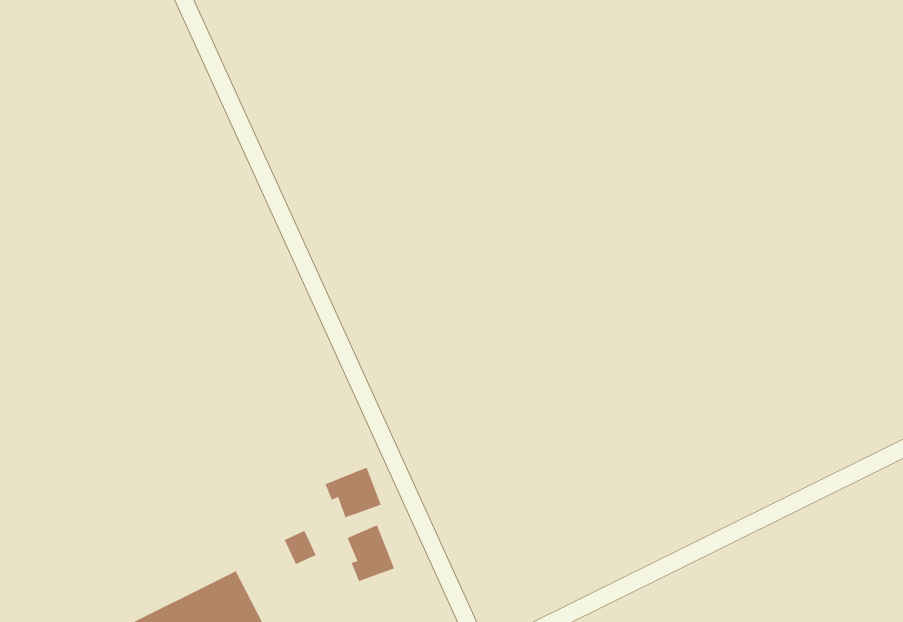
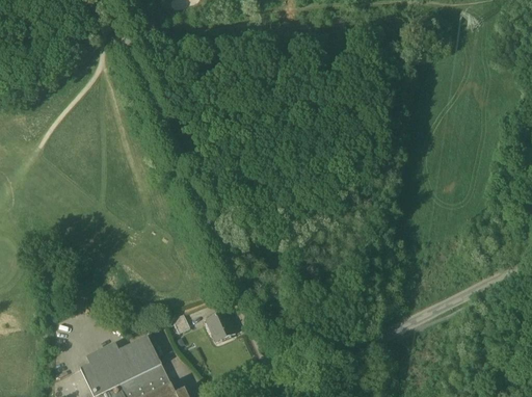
building: [325,467,382,518] -> none

